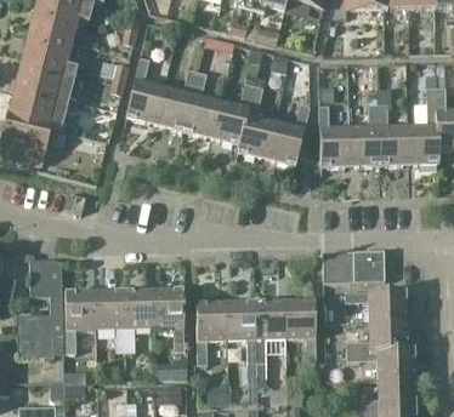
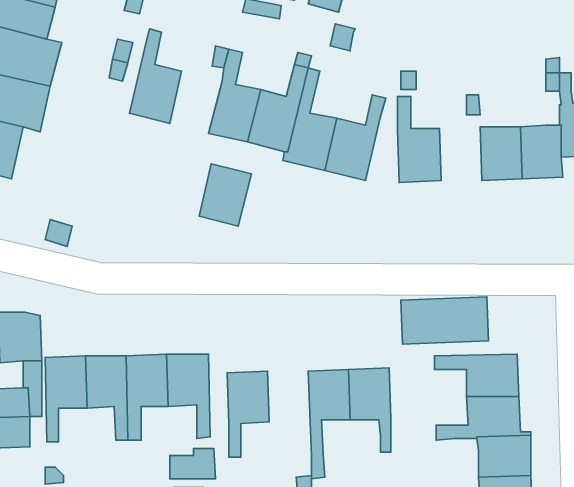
building: [155,85,193,130] -> [199,164,252,226]
building: [350,125,380,164] -> none
building: [226,301,257,361] -> none

